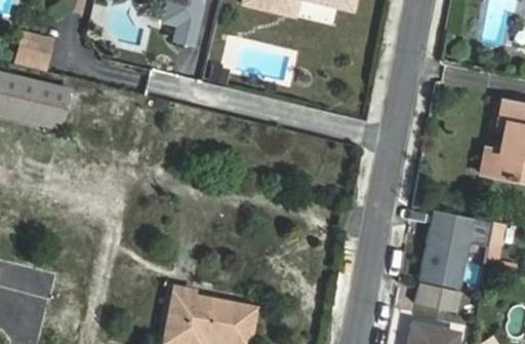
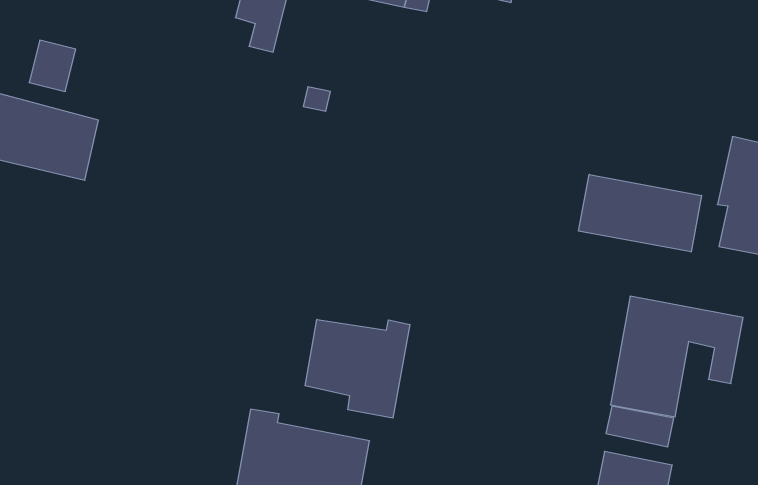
building: none -> [579,174,702,252]
building: none -> [305,319,410,418]

